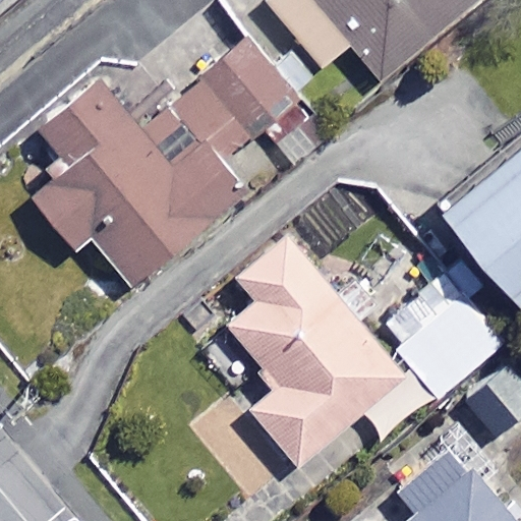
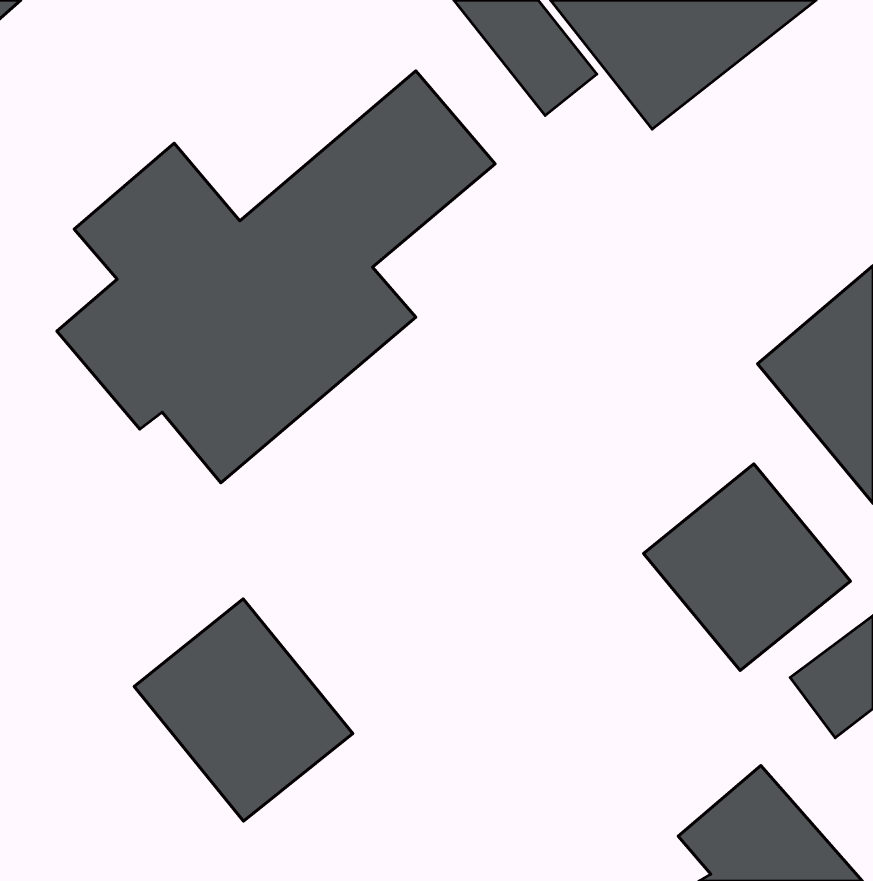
building: [228,234,403,464] -> none
building: none -> [134,599,353,821]

